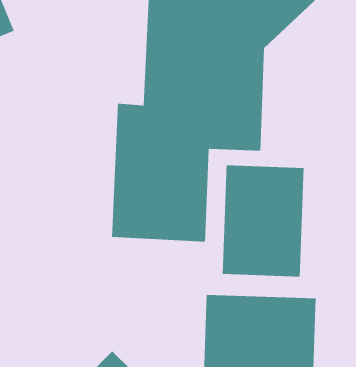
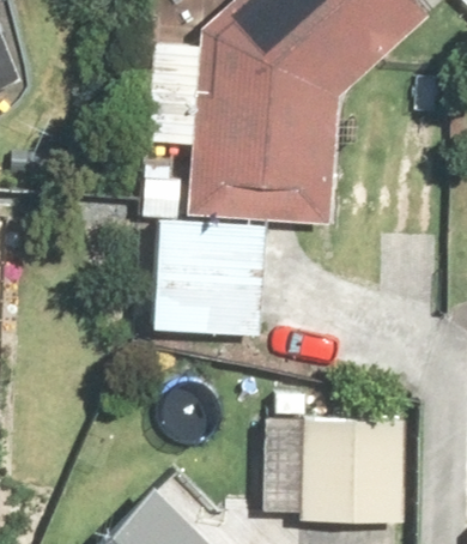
building: [222,165,304,277] -> none

